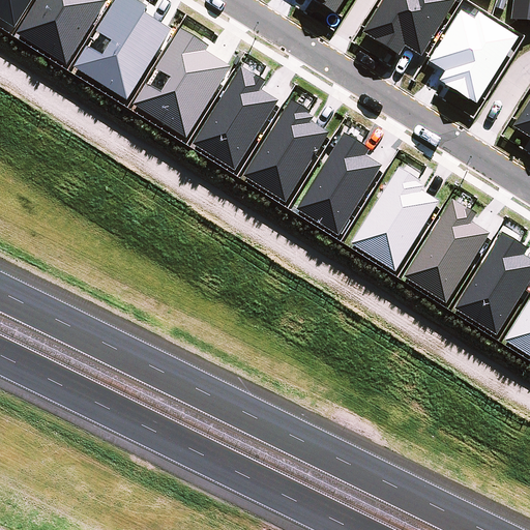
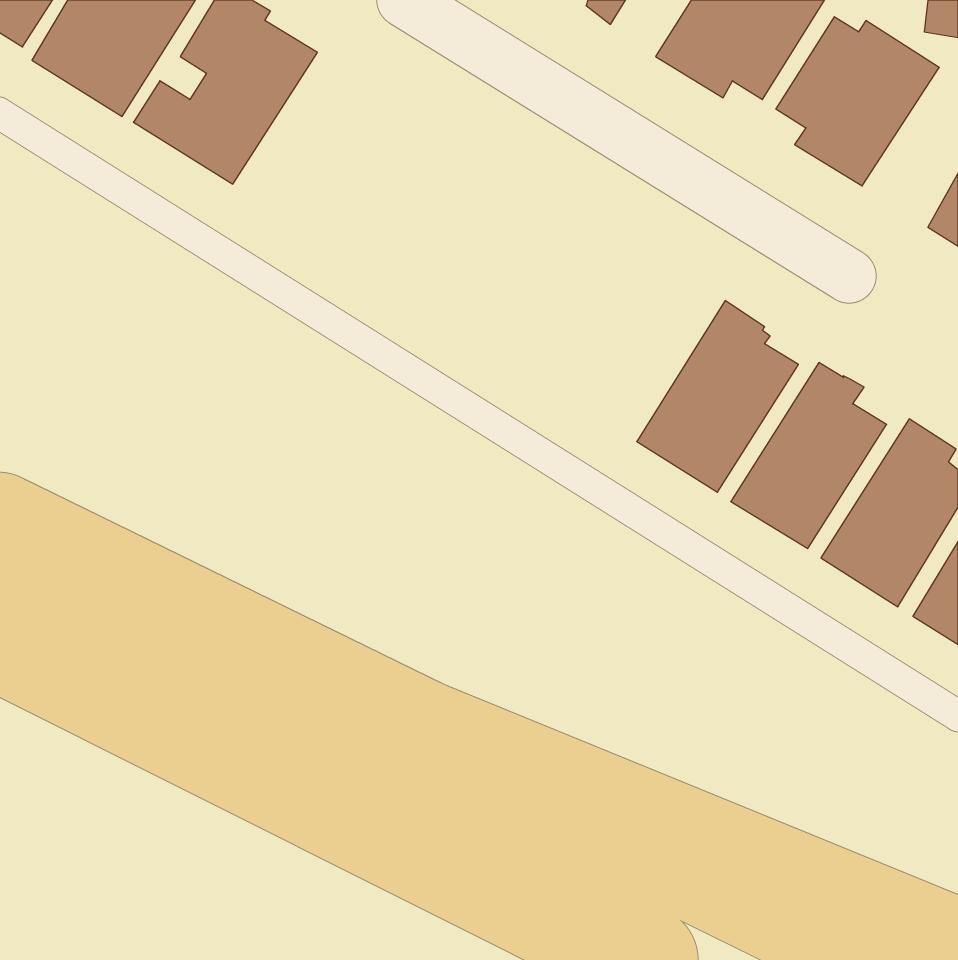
building: [134,27,231,136] -> none
building: [193,66,279,170] -> none
building: [243,99,329,202] -> none
building: [296,131,382,235] -> none

